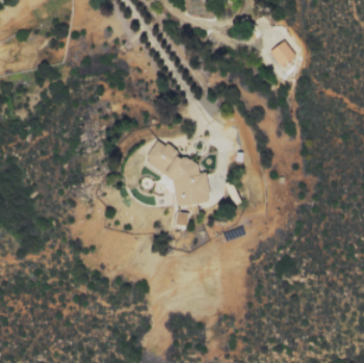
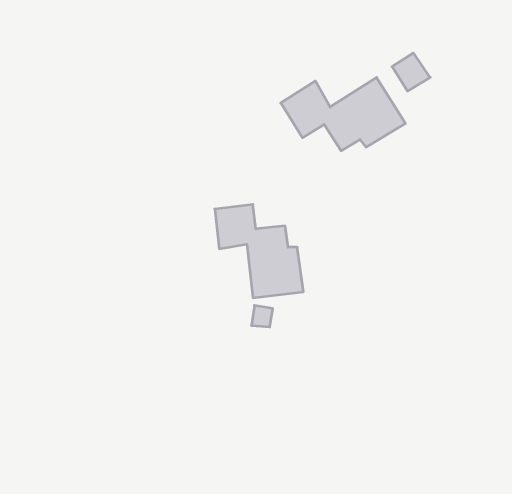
building: none -> [281,77,405,151]

